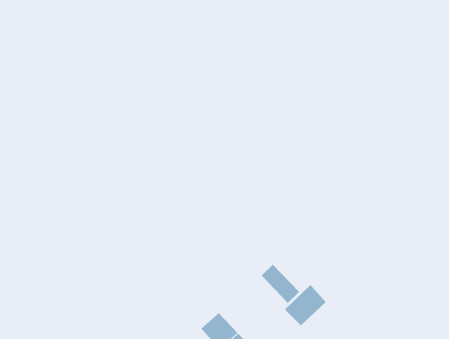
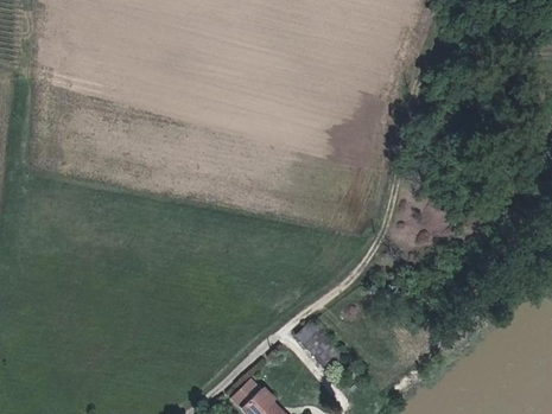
building: [284,284,327,326] -> none

